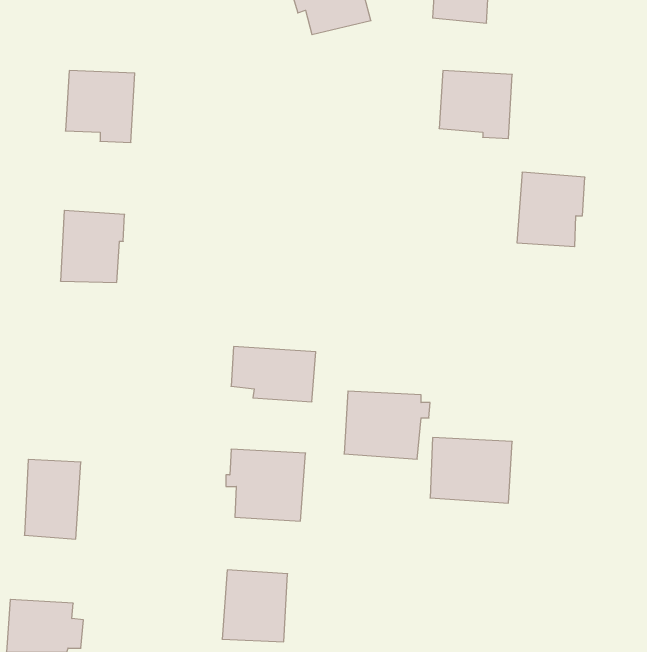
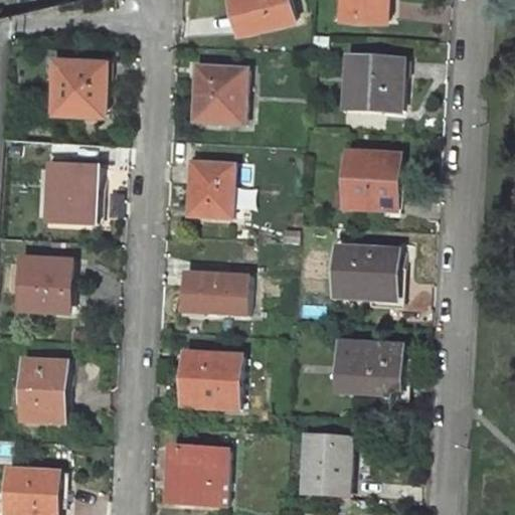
building: none -> [193,64,245,122]
building: [517,172,585,247] -> [343,151,396,209]
building: none -> [187,163,231,217]
building: none -> [19,260,66,311]
building: [344,391,430,459] -> [335,246,402,300]
building: none -> [301,436,349,495]

